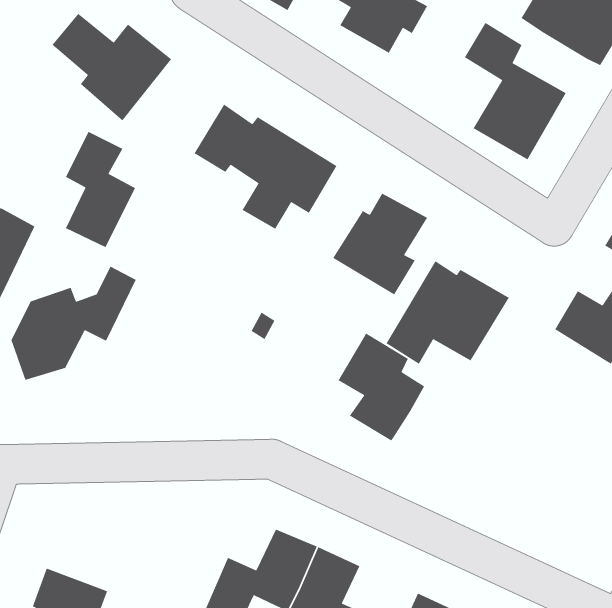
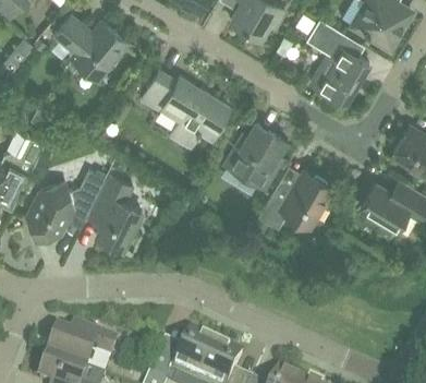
building: [65,131,136,248] -> [97,175,141,247]
building: [337,333,425,442] -> none
building: none -> [49,321,118,368]

